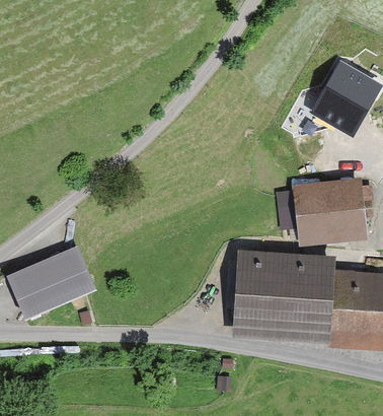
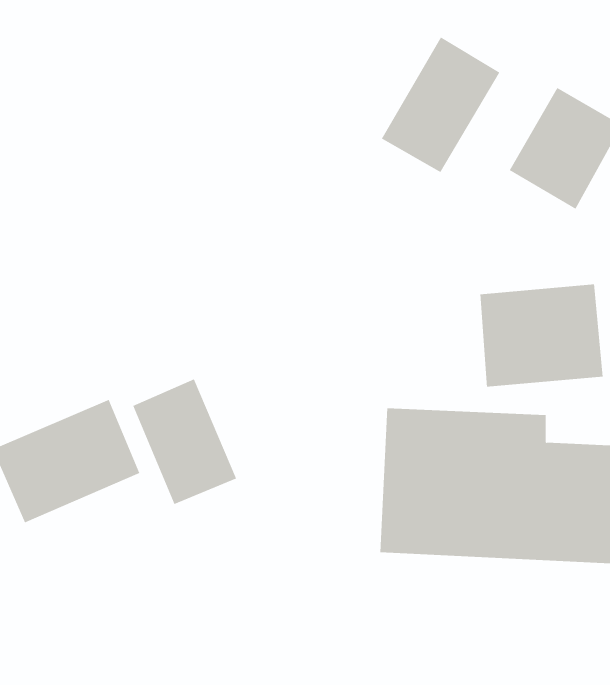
building: none -> [381,36,500,173]
building: none -> [132,379,237,505]

